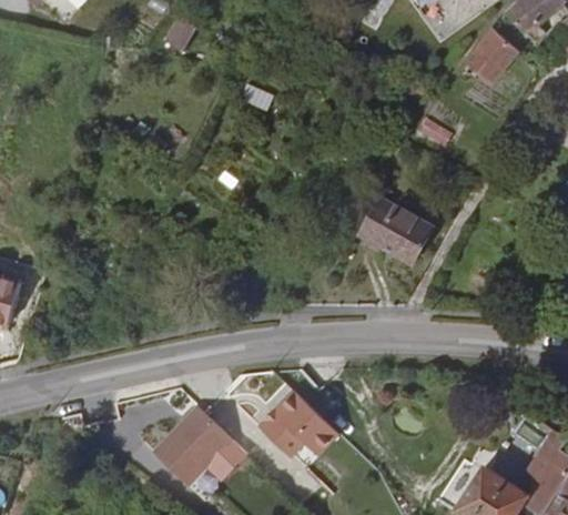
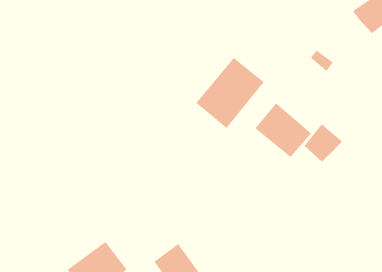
building: none -> [196,57,265,129]
building: none -> [304,124,343,162]

